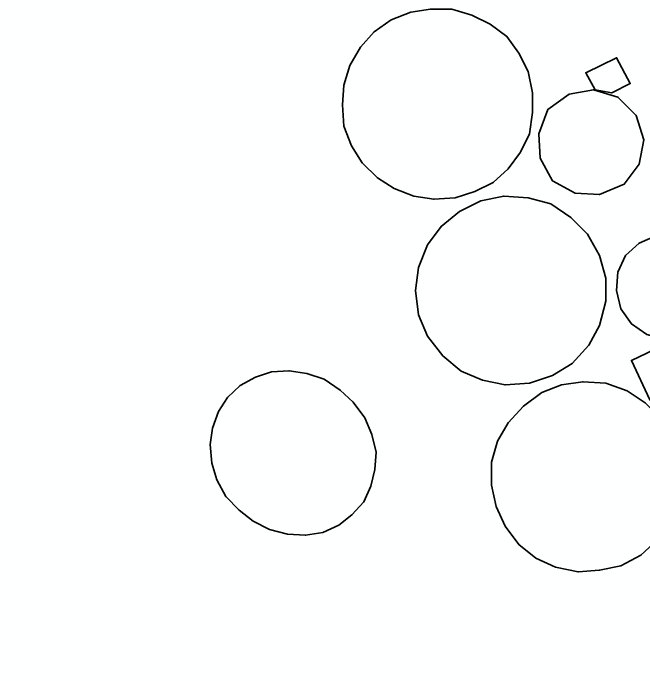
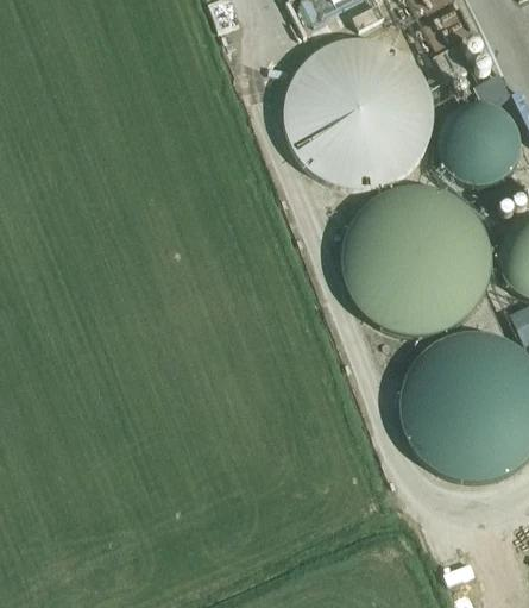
building: [210,371,376,535] -> none

